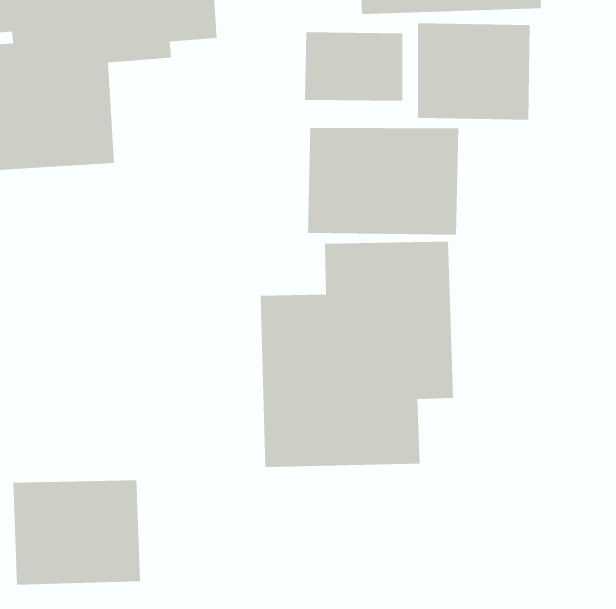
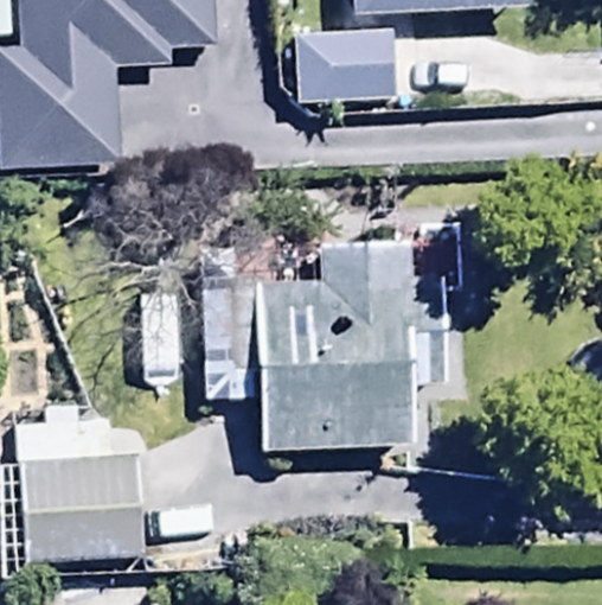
building: [417,22,530,120] -> none
building: [308,127,459,235] -> none

